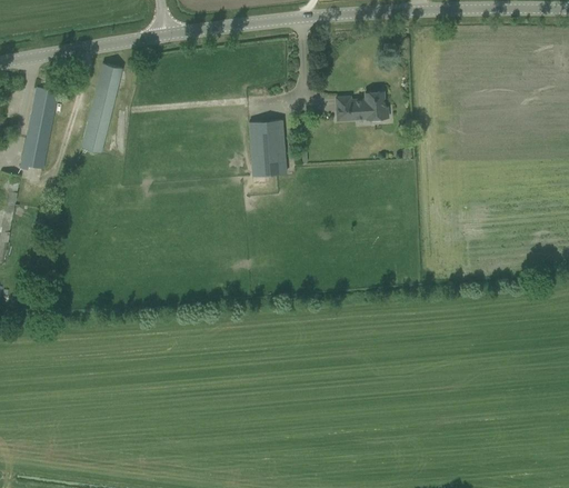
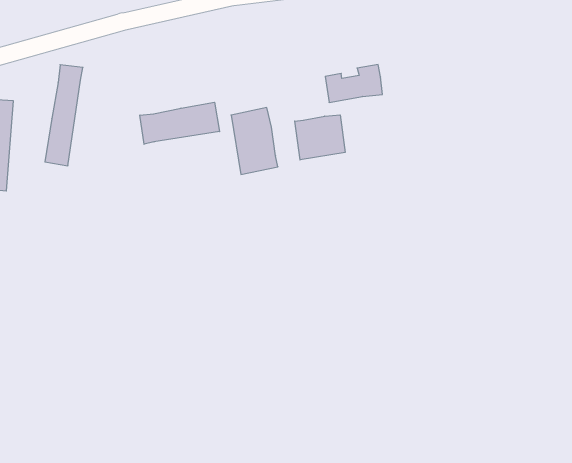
building: none -> [140,102,220,144]
building: none -> [295,115,345,160]

